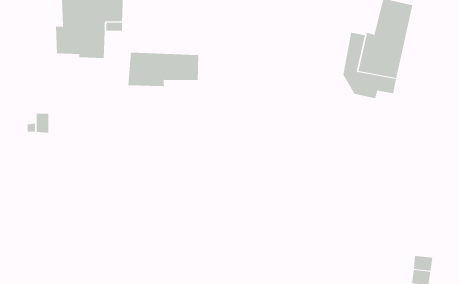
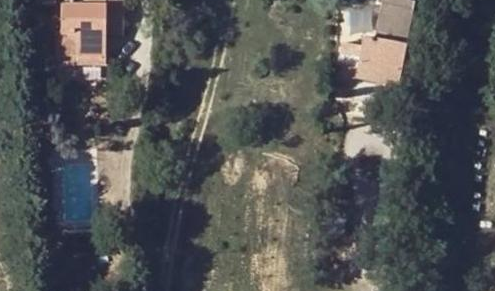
building: [128,52,199,88] -> none

